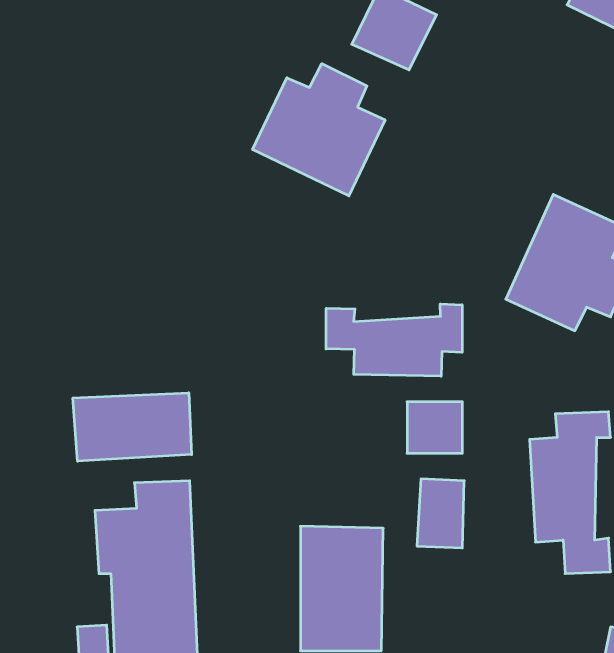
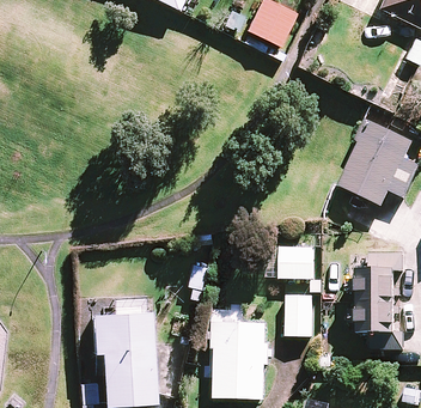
building: [253,64,385,196] -> none
building: [326,304,462,376] -> none
building: [73,393,192,461] -> none

